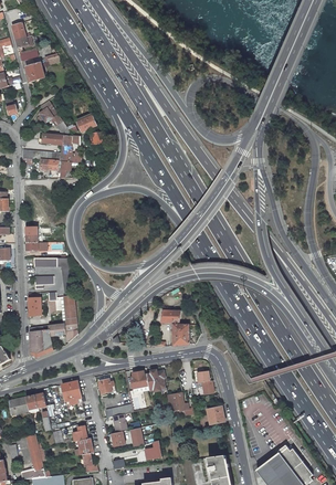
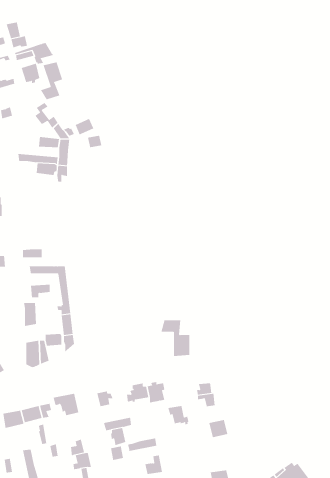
building: none -> [40,61,63,100]

